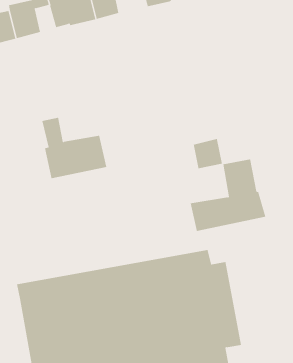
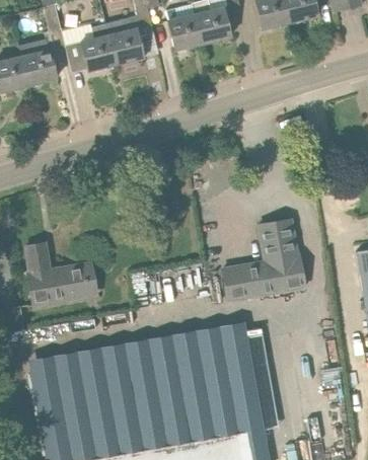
building: [42,117,107,179] -> [26,242,99,311]
building: [193,138,223,169] -> none

